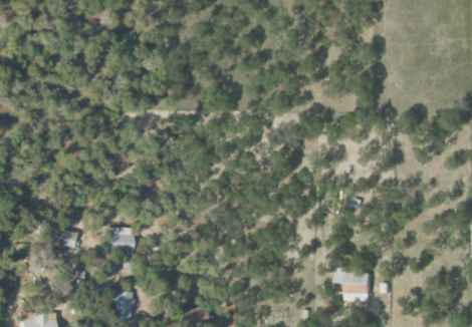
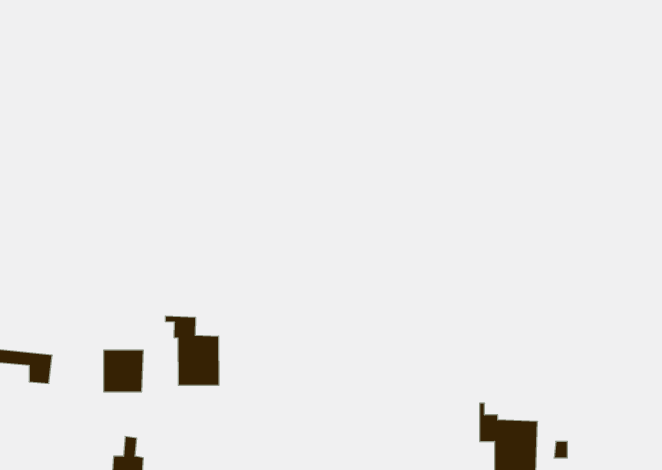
building: none -> [165,316,219,385]

